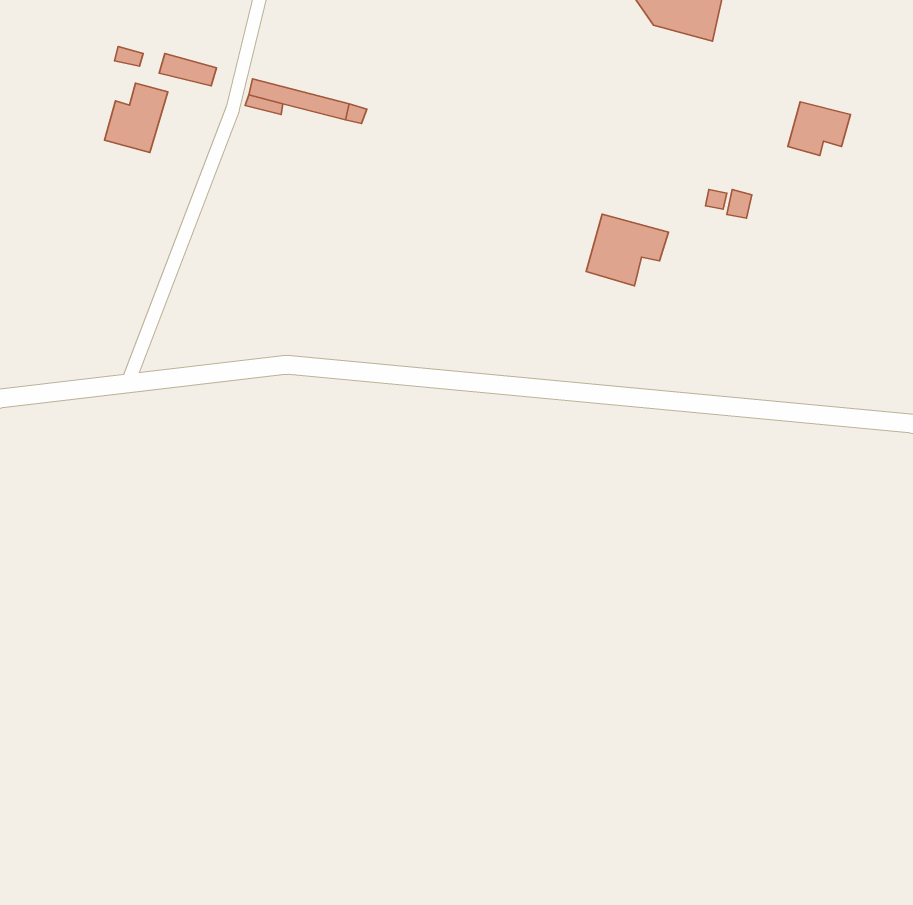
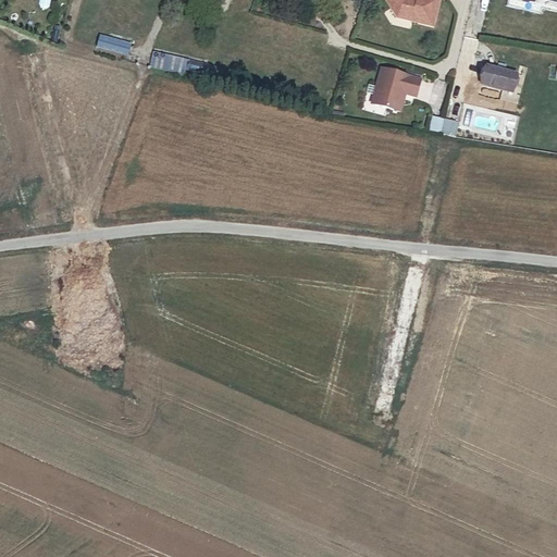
building: [105,83,168,153] -> none
building: [586,214,668,286] -> [371,66,421,110]

